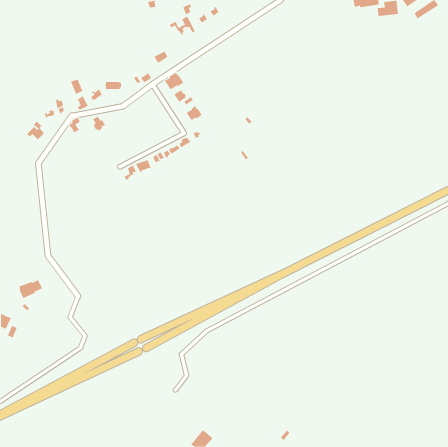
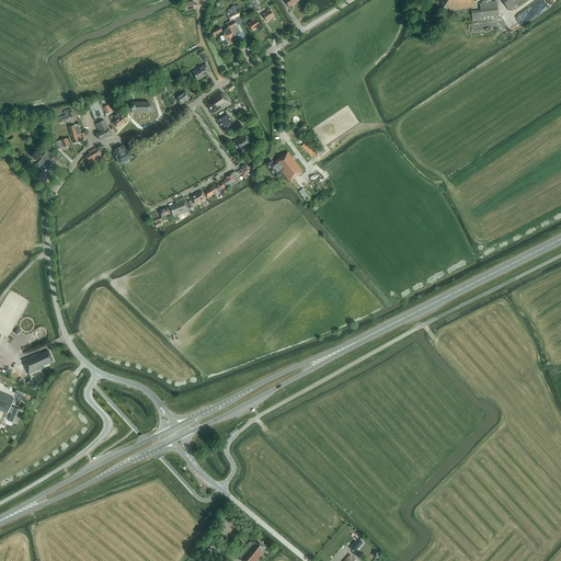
building: none -> [265,151,302,181]

